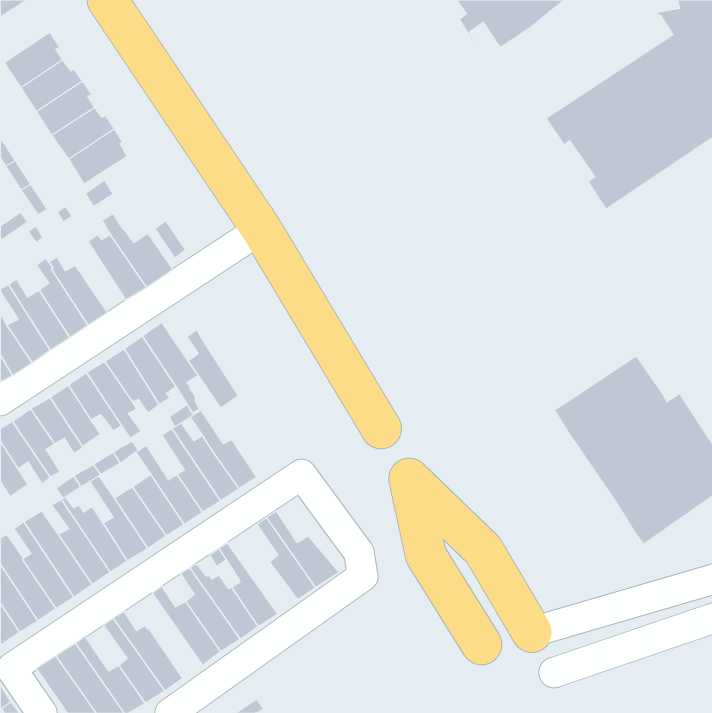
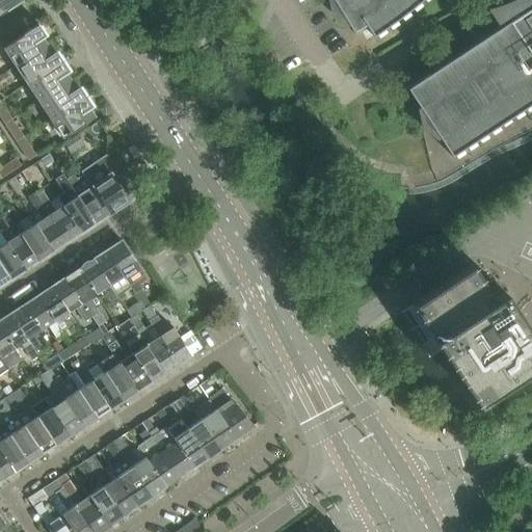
building: [187,330,239,408] -> [56,175,95,233]
building: none -> [170,399,222,457]
building: none -> [107,442,152,505]

